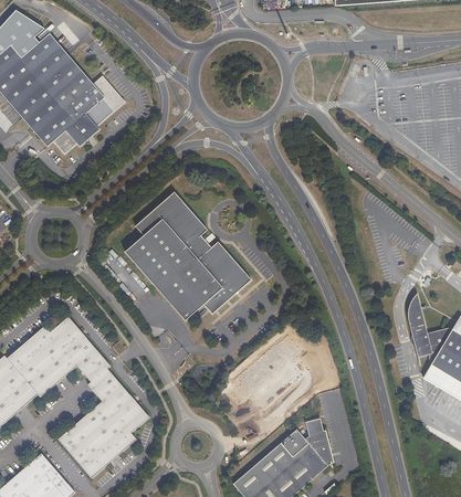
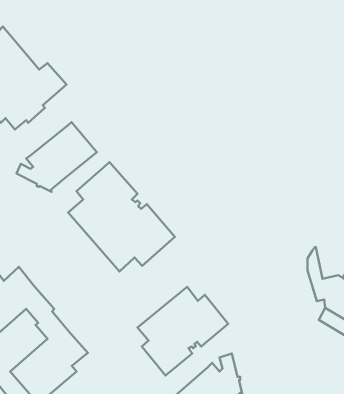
building: none -> [17,122,97,192]
building: none -> [138,287,228,375]

